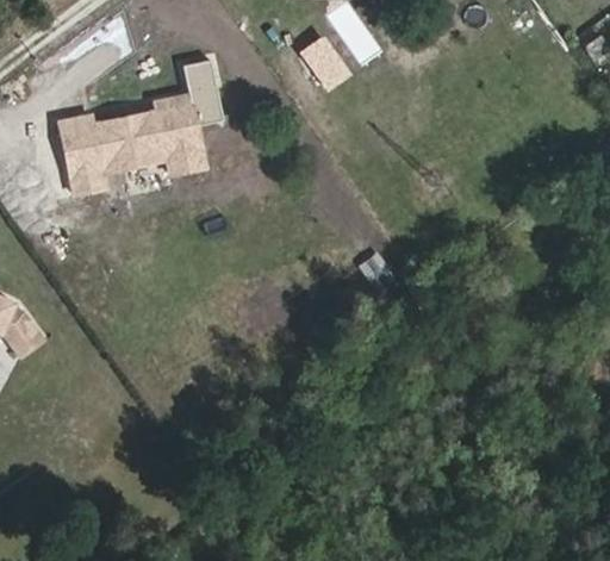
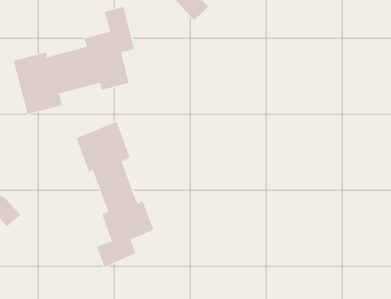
building: none -> [76,121,154,268]

